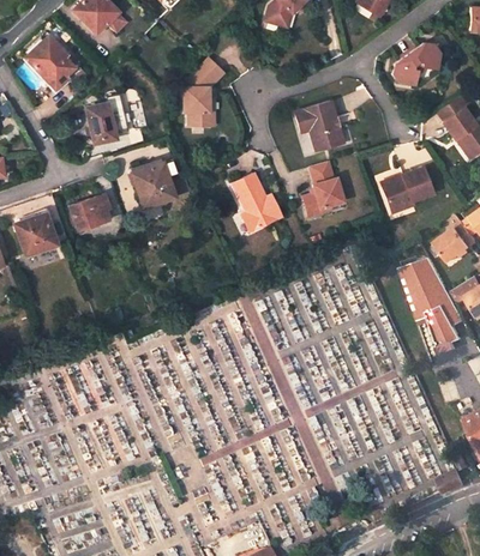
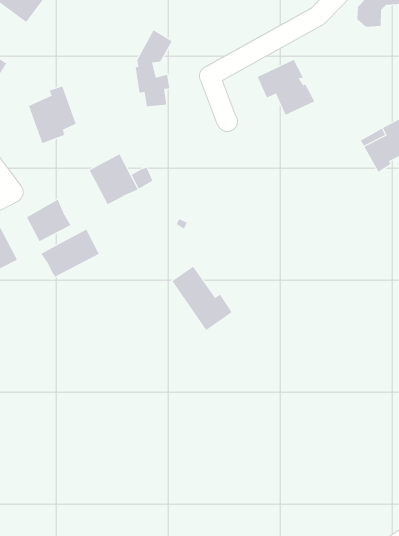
building: [305,162,344,214] -> none
building: [233,173,283,232] -> [172,266,232,331]
building: none -> [40,229,99,278]

